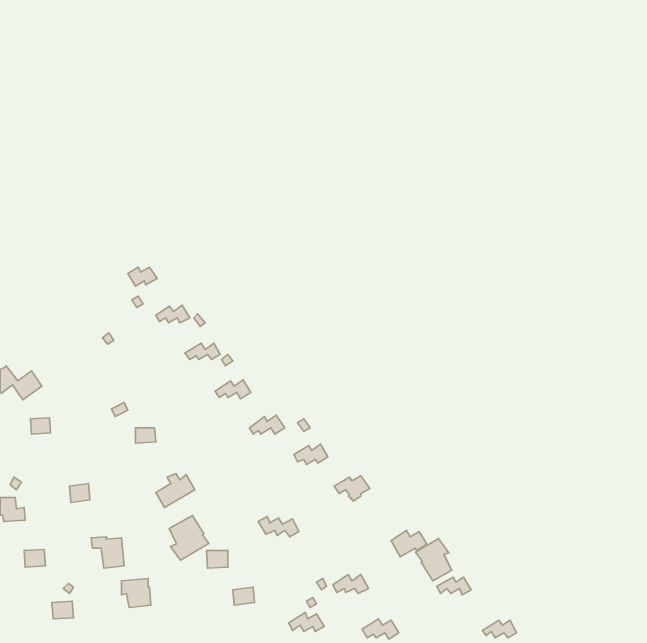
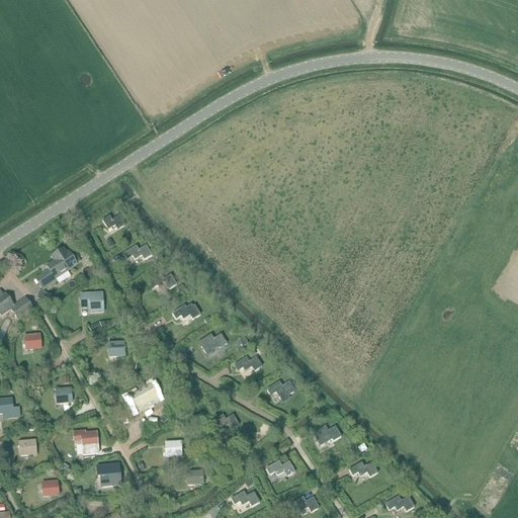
building: none -> [36,247,77,287]
building: none -> [80,291,103,311]
building: [169,516,209,560] -> none
building: [416,538,452,581] -> none

